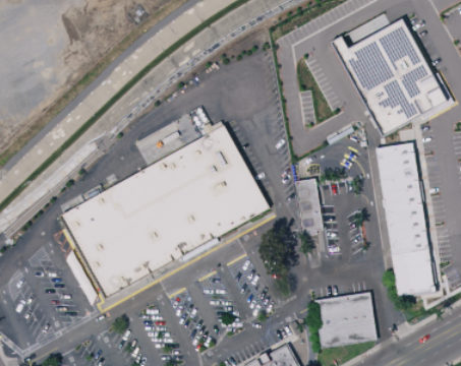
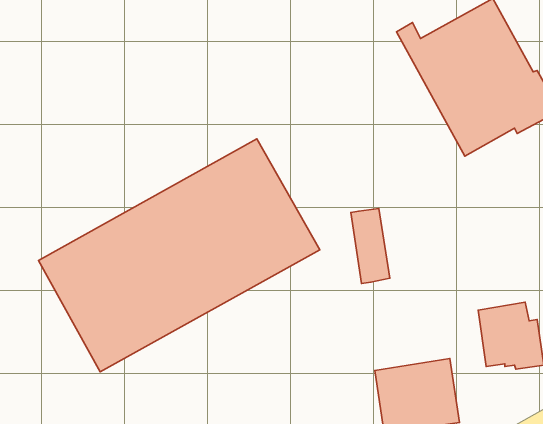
building: [376,142,427,254] -> none

